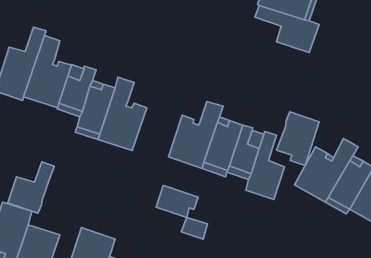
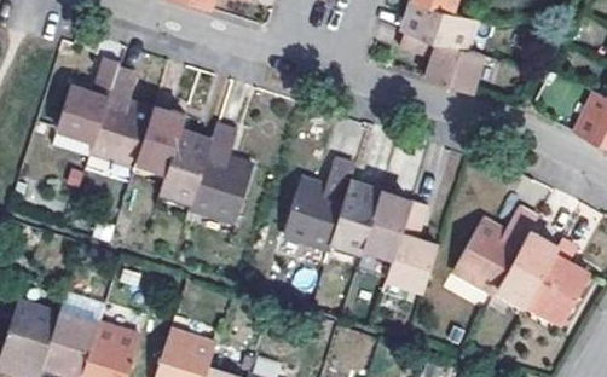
building: [277,112,319,166] -> none
building: [8,162,54,213] -> none
building: [156,185,198,217] -> none

